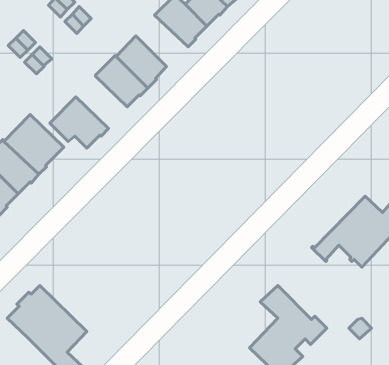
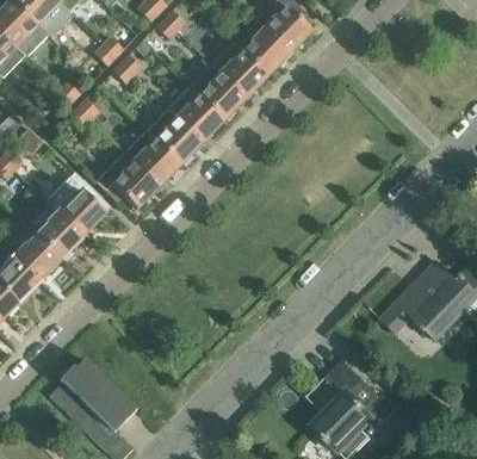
building: none -> [188,61,247,118]
building: none -> [124,129,180,186]

